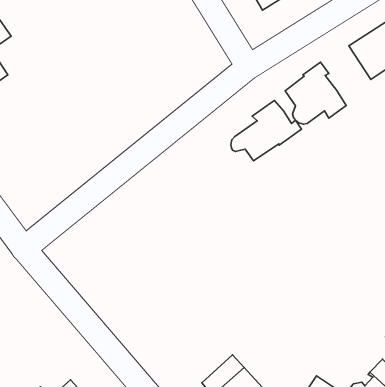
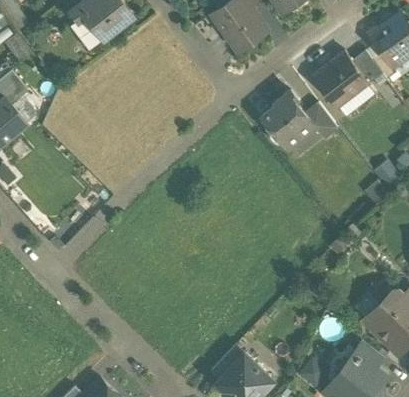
building: none -> [306,103,338,140]
building: [231,100,302,161] -> none

